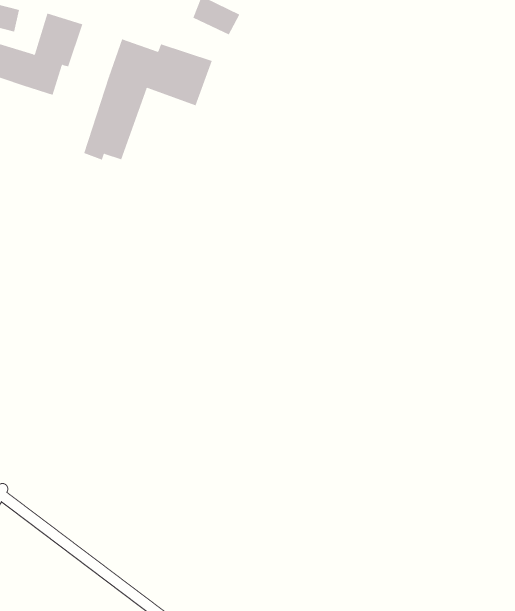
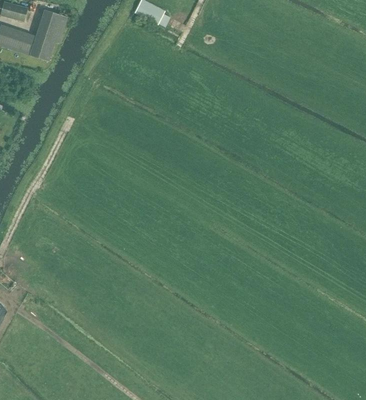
building: [83,38,212,161] -> none

